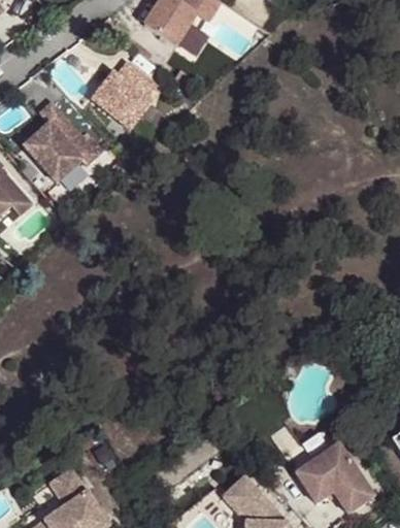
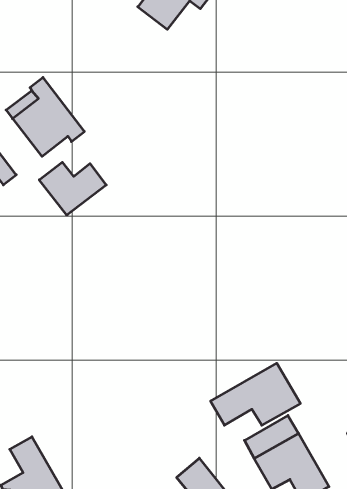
building: [93,63,158,130] -> none
building: none -> [39,162,106,215]
building: none -> [211,363,300,425]

